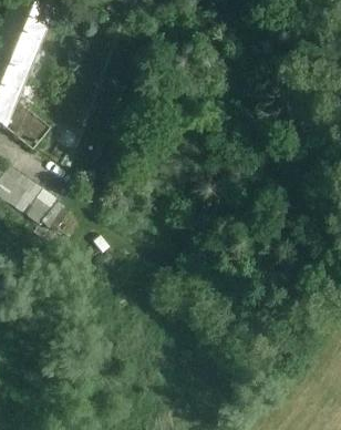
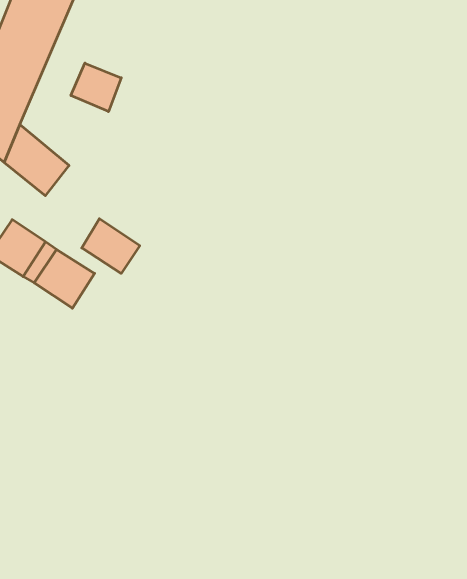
building: none -> [71,63,121,112]
building: none -> [82,219,140,273]

